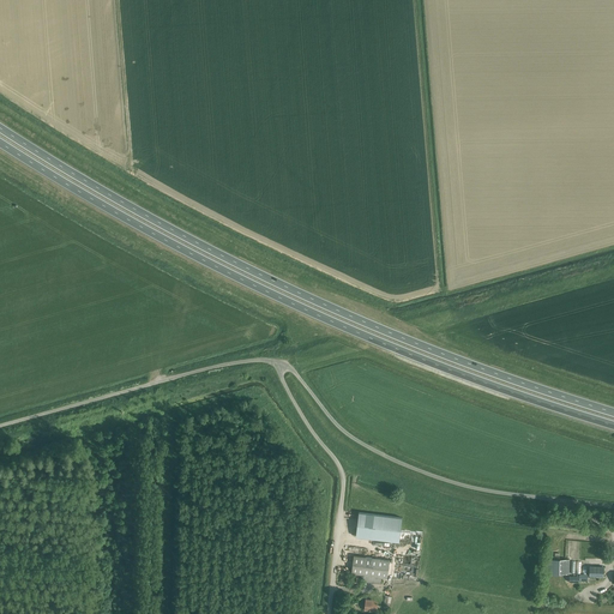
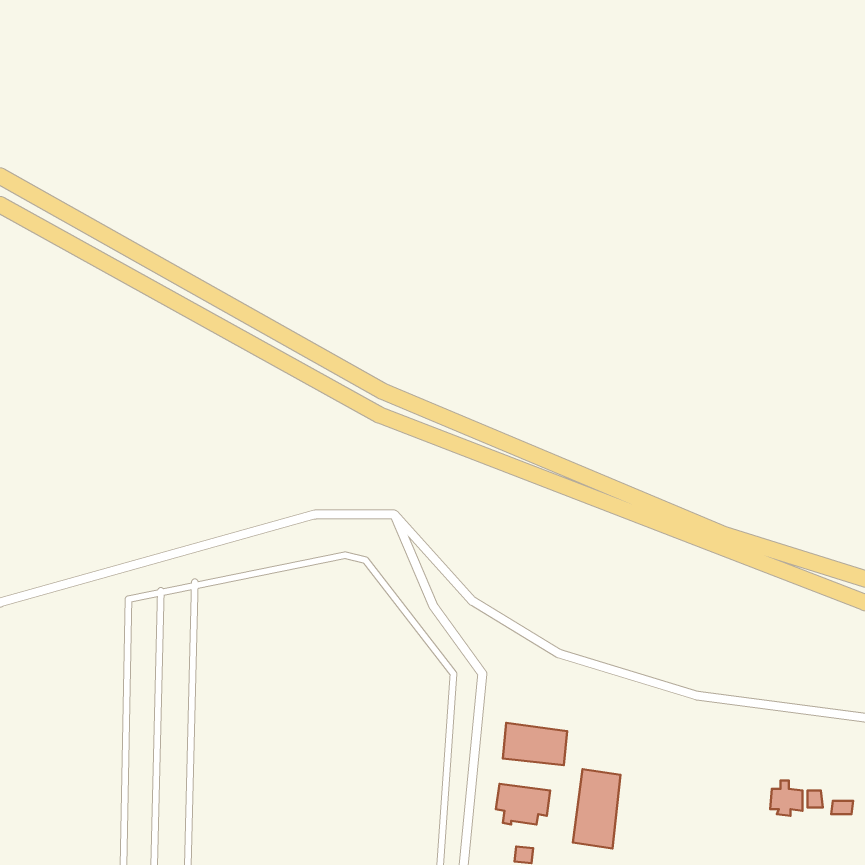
building: none -> [573,769,620,848]

